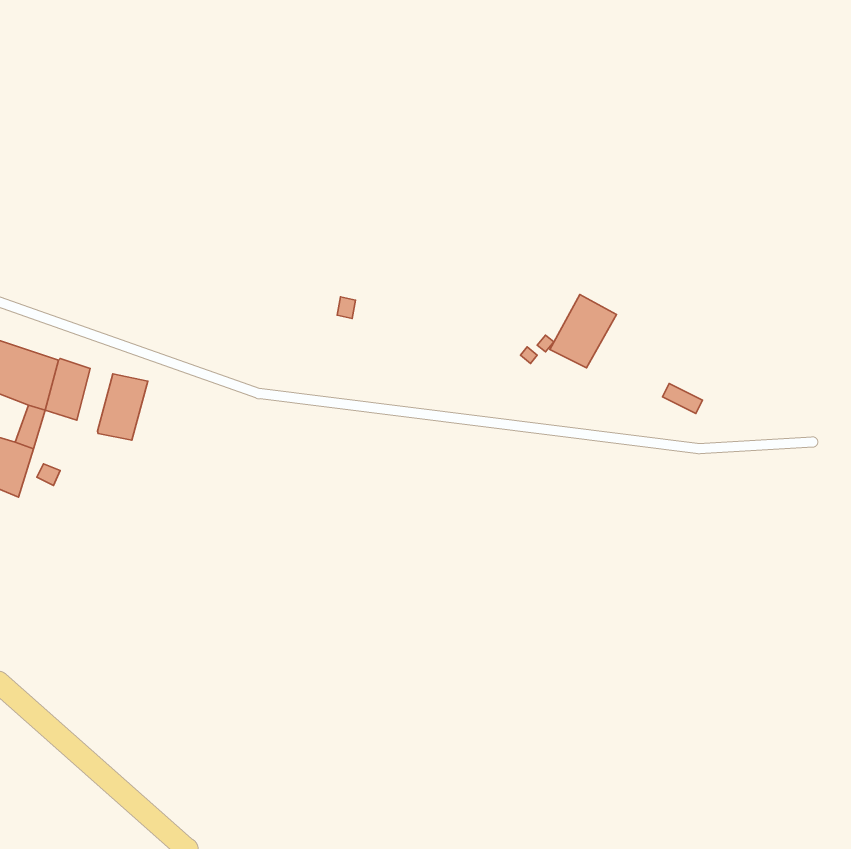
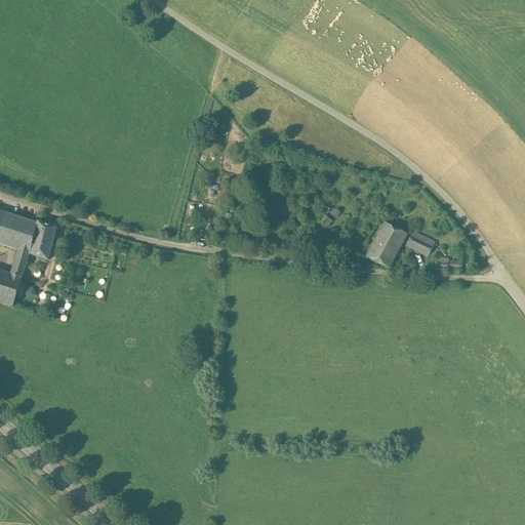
building: [550,294,617,368] -> [365,221,406,267]
building: [98,374,148,440] -> none

